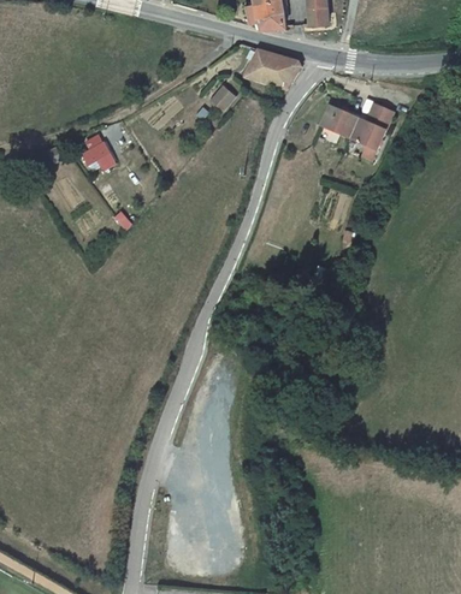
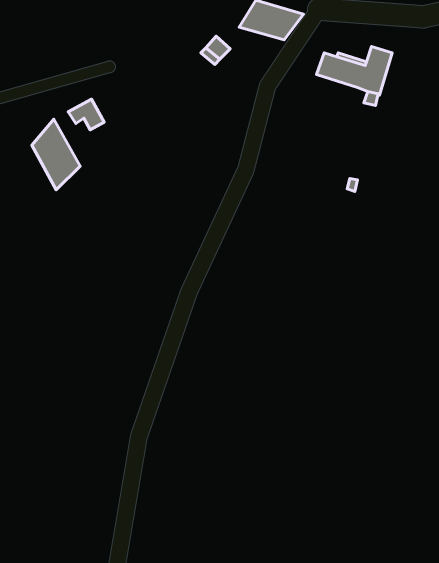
building: none -> [32,119,80,190]

